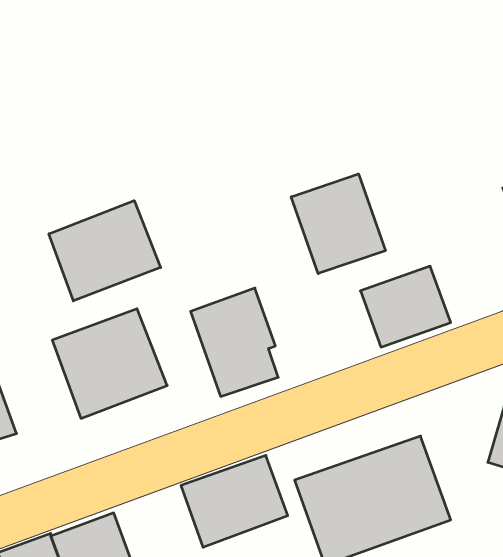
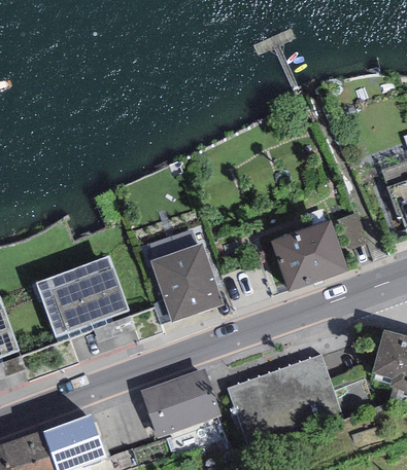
building: [291,174,385,274] -> none
building: [49,201,161,301] -> none

